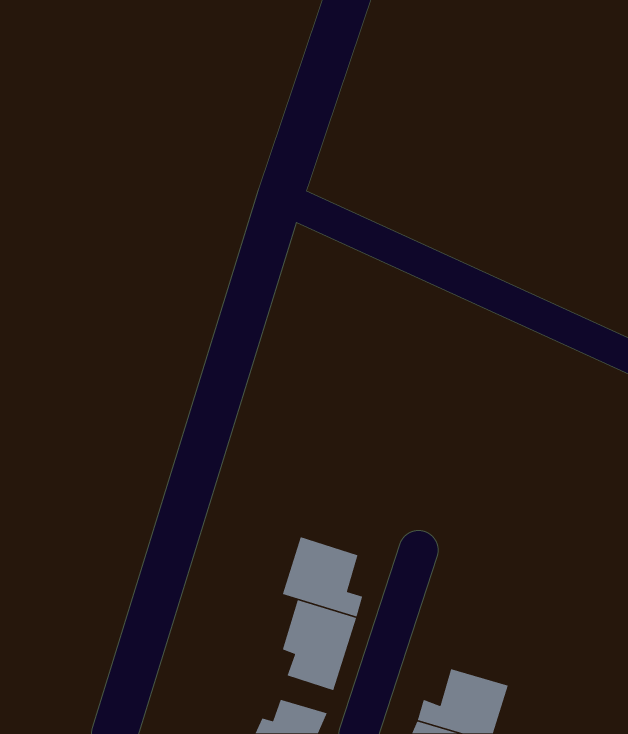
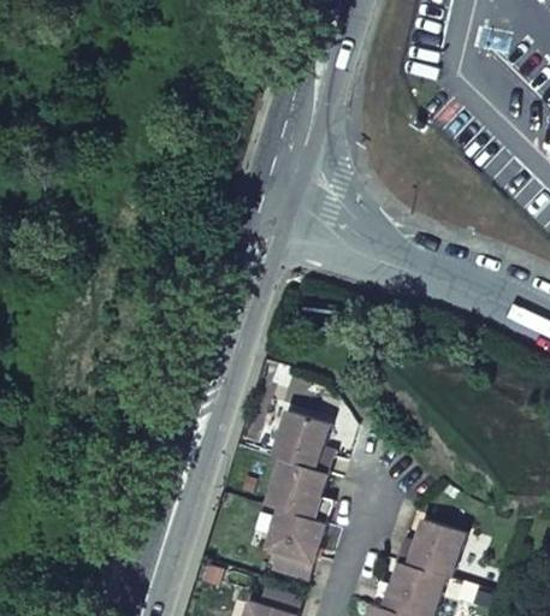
building: none -> [272,411,332,474]
building: none -> [395,520,463,579]

